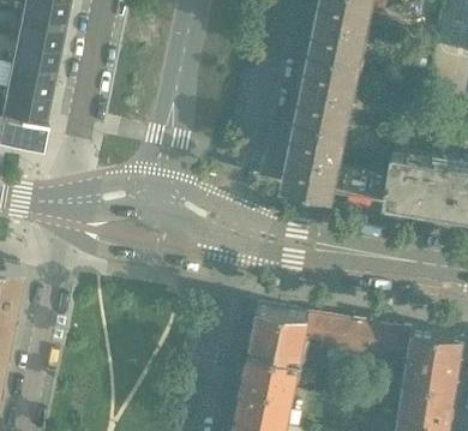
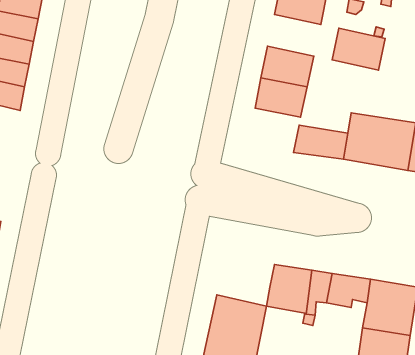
building: [302,50,359,95] -> [332,28,385,70]
building: [282,150,337,197] -> none
building: [248,307,310,360] -> none

